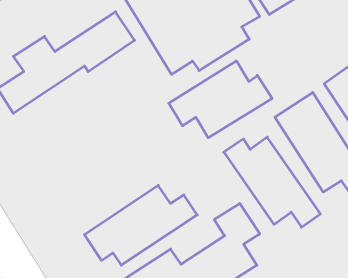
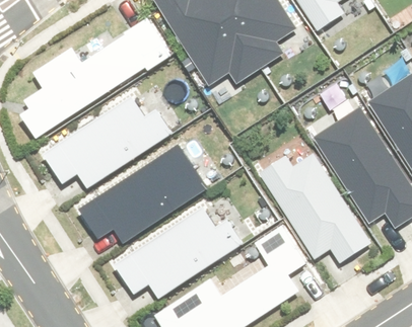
building: [169,61,272,138] -> none
building: none -> [52,100,171,194]
building: none -> [79,145,207,243]

